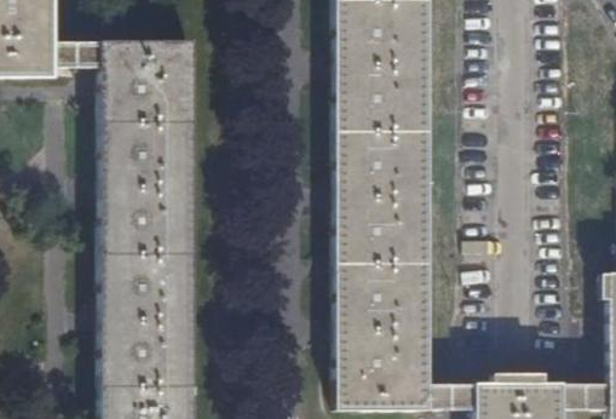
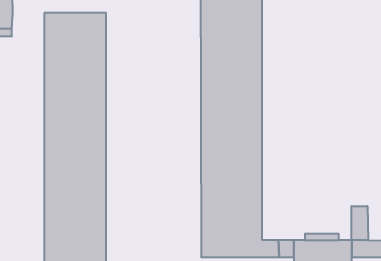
building: [51,42,99,68] -> none
building: none -> [351,206,368,240]

